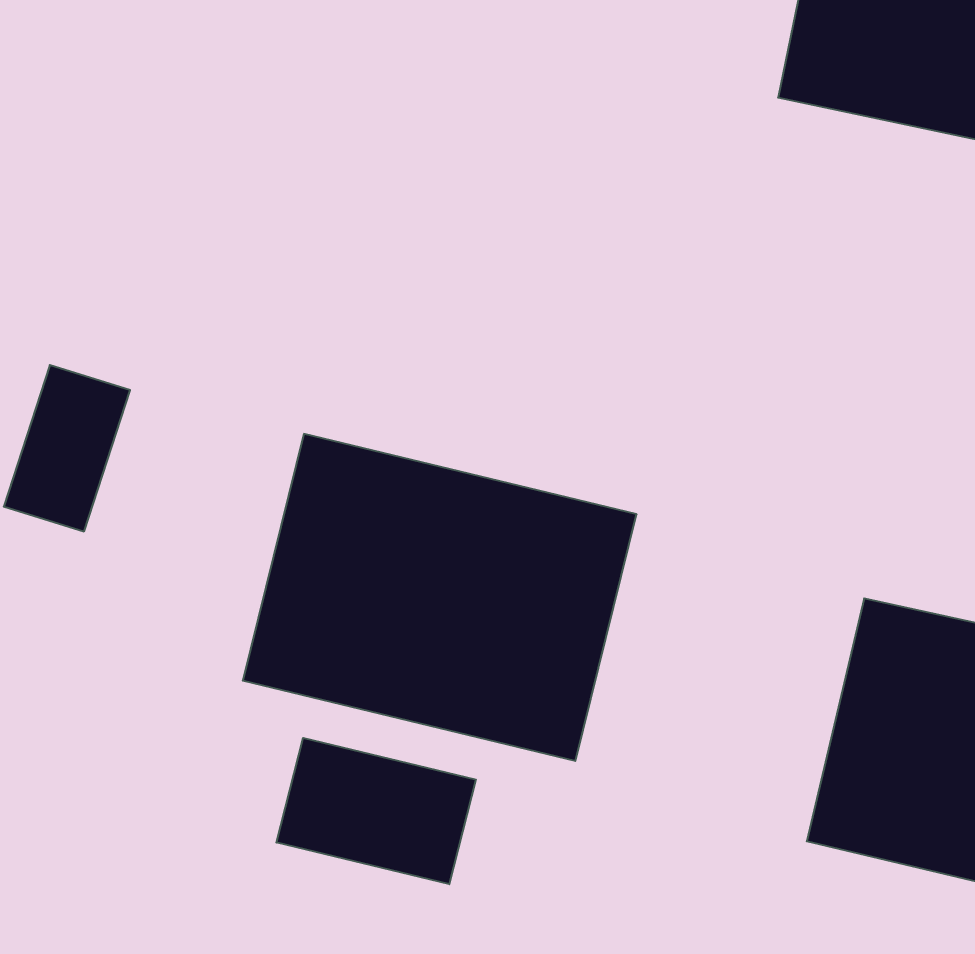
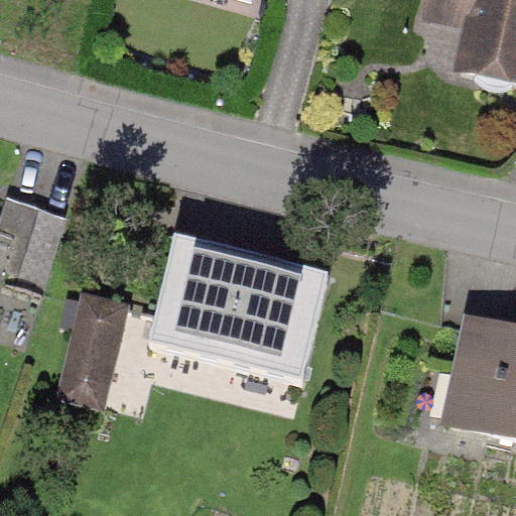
building: none -> [63,278,134,396]
building: [276,738,476,884] -> none

